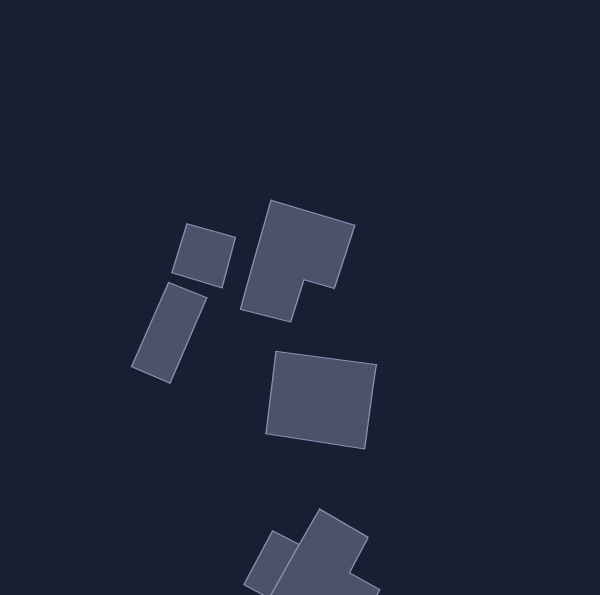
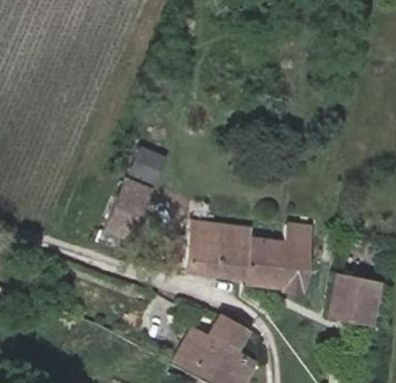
building: [240,200,355,322] -> none
building: none -> [246,224,313,293]
building: none -> [327,275,378,324]

